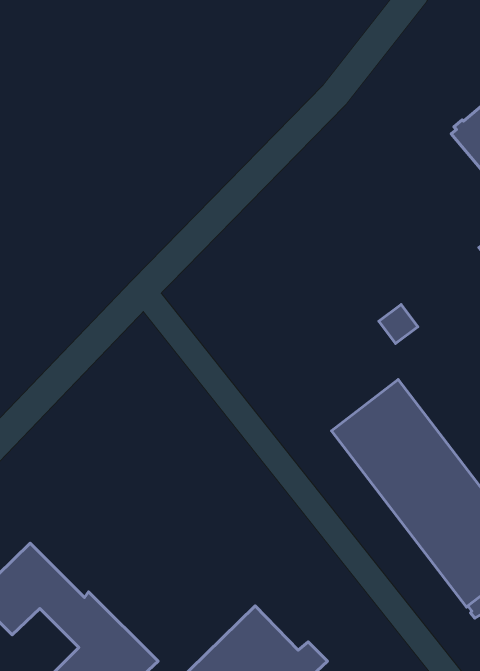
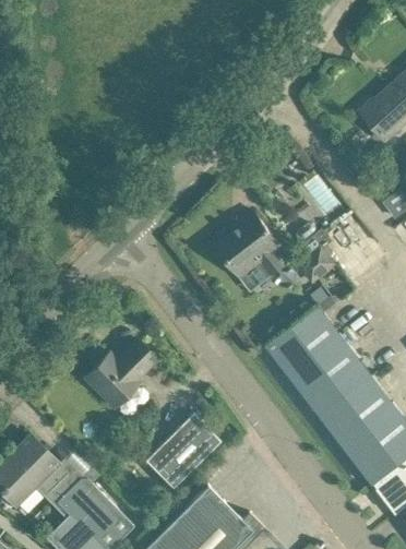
building: none -> [216,212,288,291]
building: none -> [84,341,157,408]
building: none -> [144,414,220,490]

